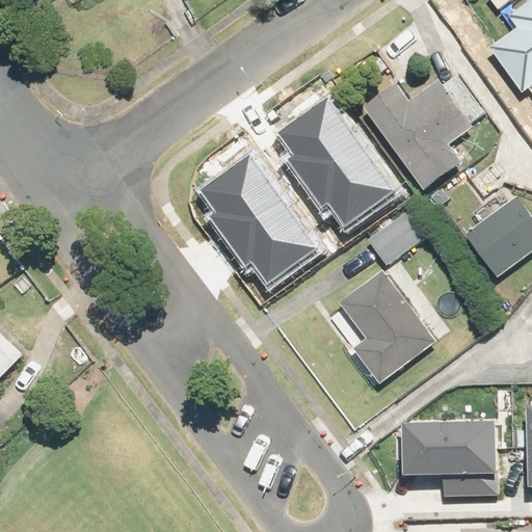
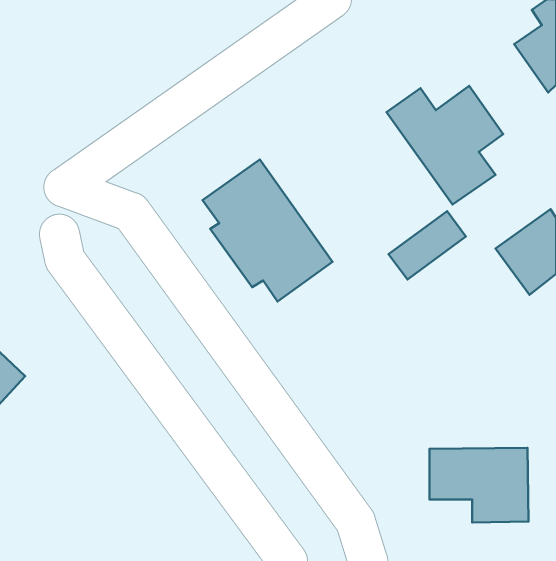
building: [273,92,397,225] -> none
building: [343,275,431,382] -> none

